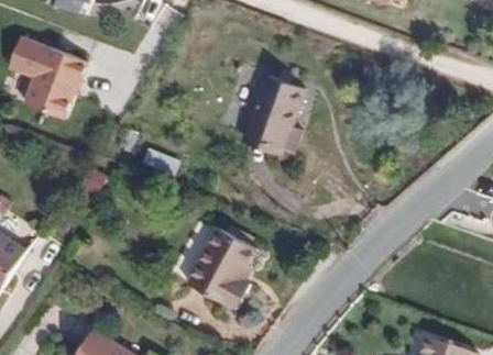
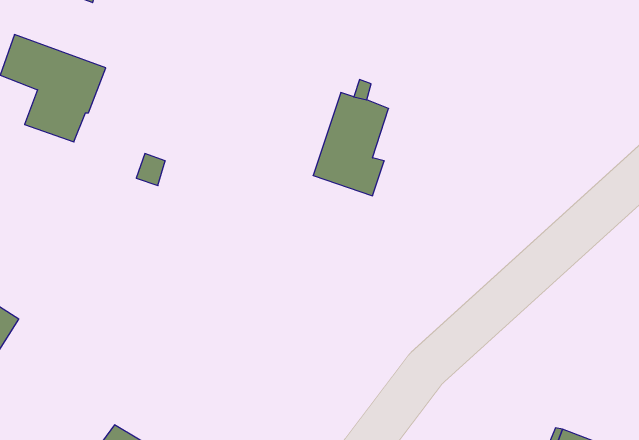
building: [186,223,254,302] -> none

